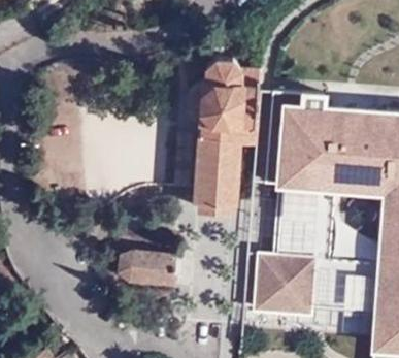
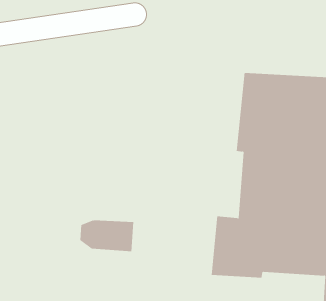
building: [182,59,263,217] -> none

